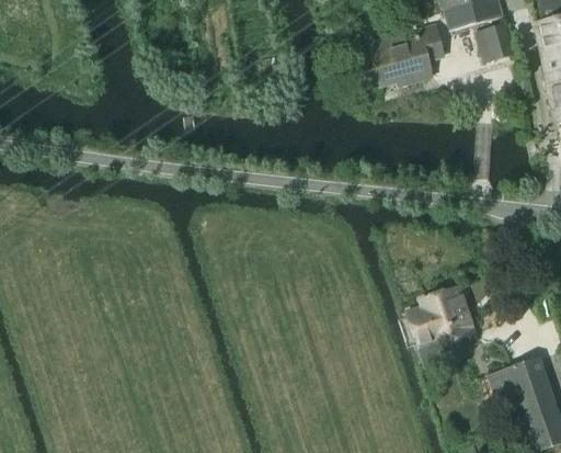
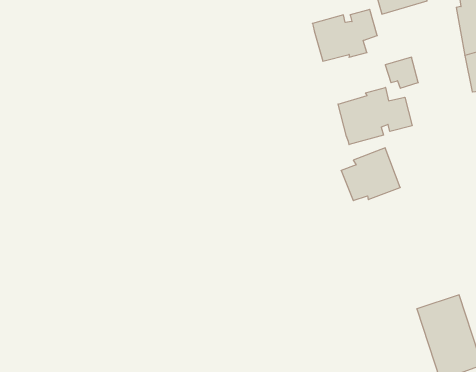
building: [476,22,514,58] -> [385,57,418,88]
building: none -> [338,87,412,145]
building: [407,286,476,348] -> [341,148,400,201]

